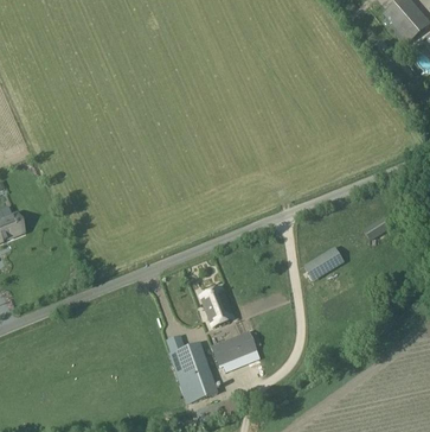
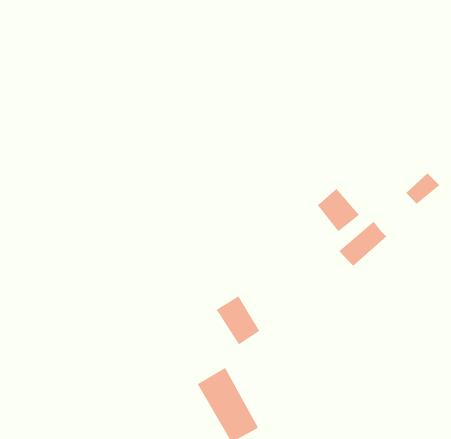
building: none -> [317,188,360,232]
building: [212,331,259,364] -> none

